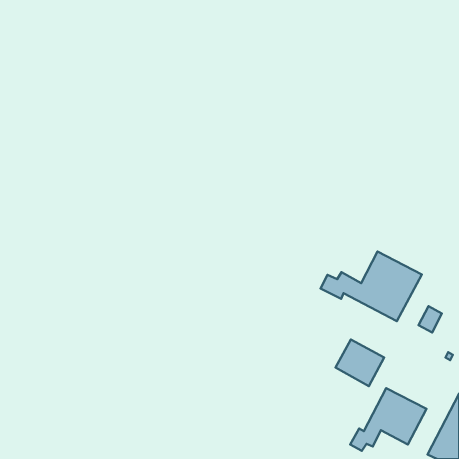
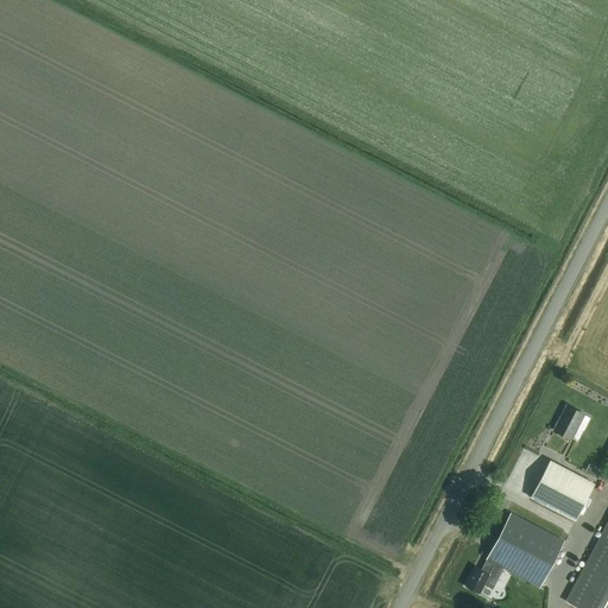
building: [321,251,422,321] -> none
building: [336,340,384,386] -> [531,460,595,521]

